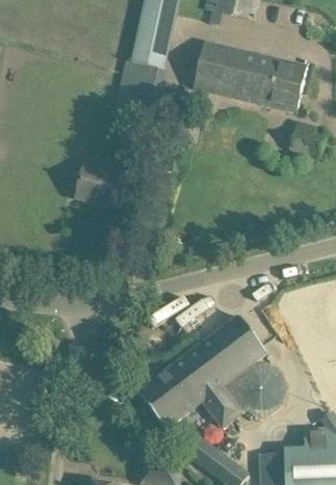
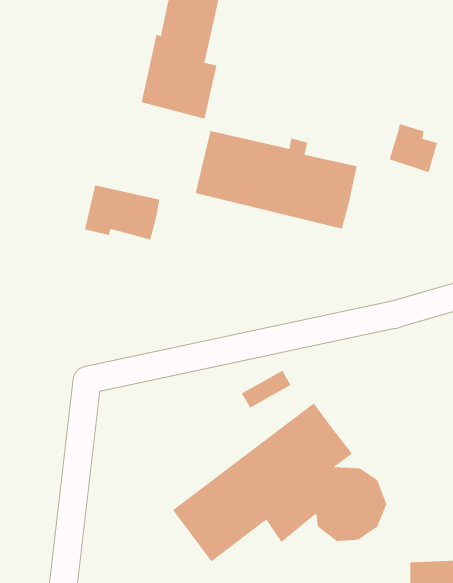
building: [192,43,306,111] -> [195,131,358,229]

